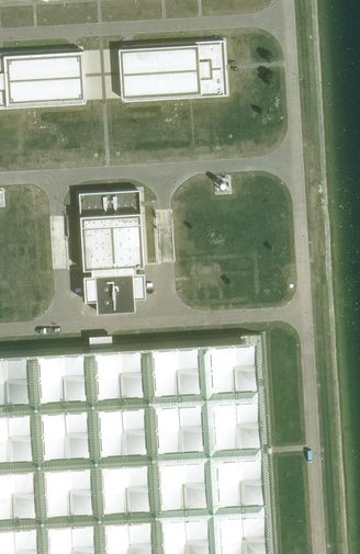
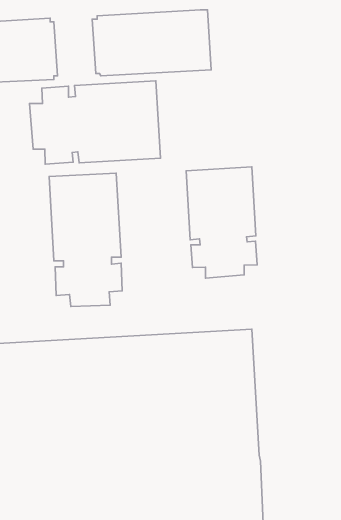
building: none -> [30,81,160,164]
building: none -> [186,167,257,278]

